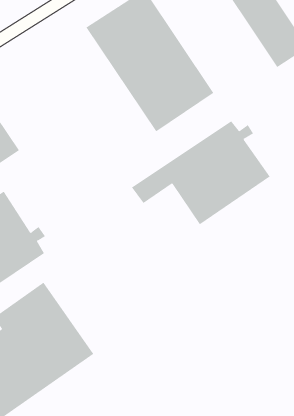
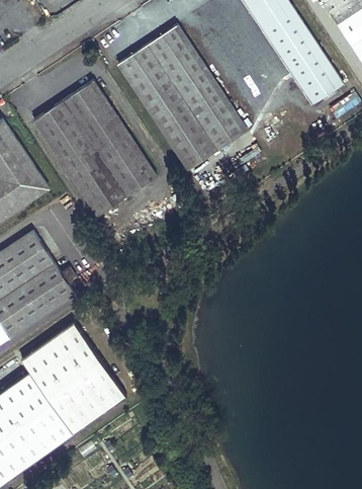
building: none -> [33,81,157,217]
building: [131,120,271,225] -> none

